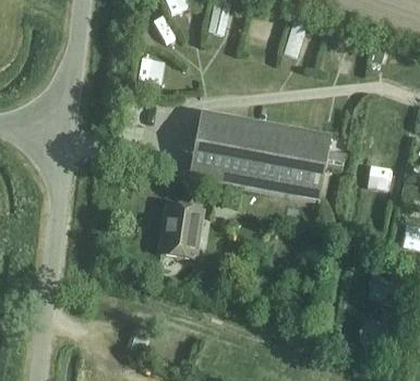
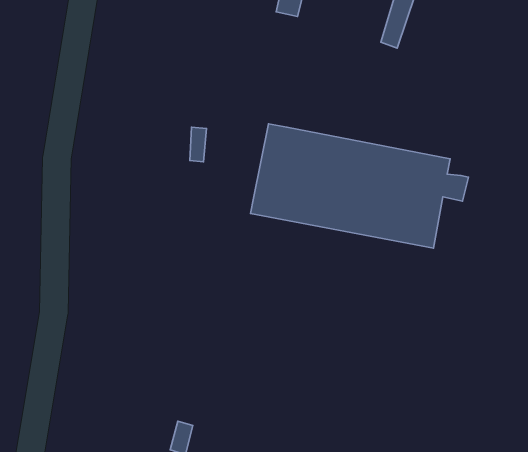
building: [160,202,203,257] -> none

